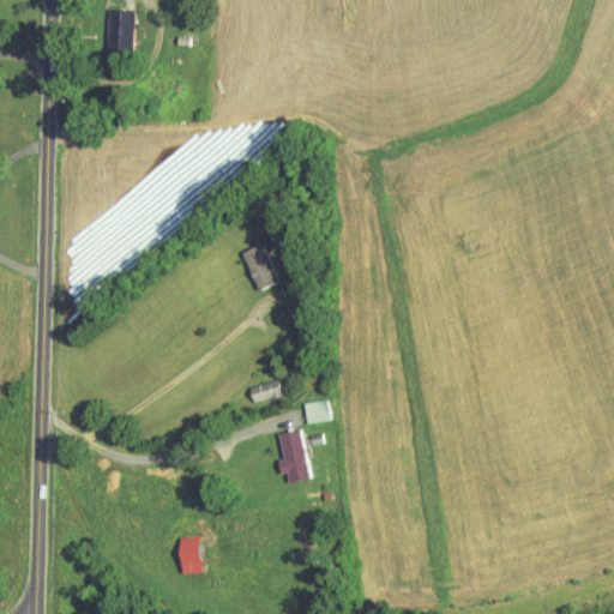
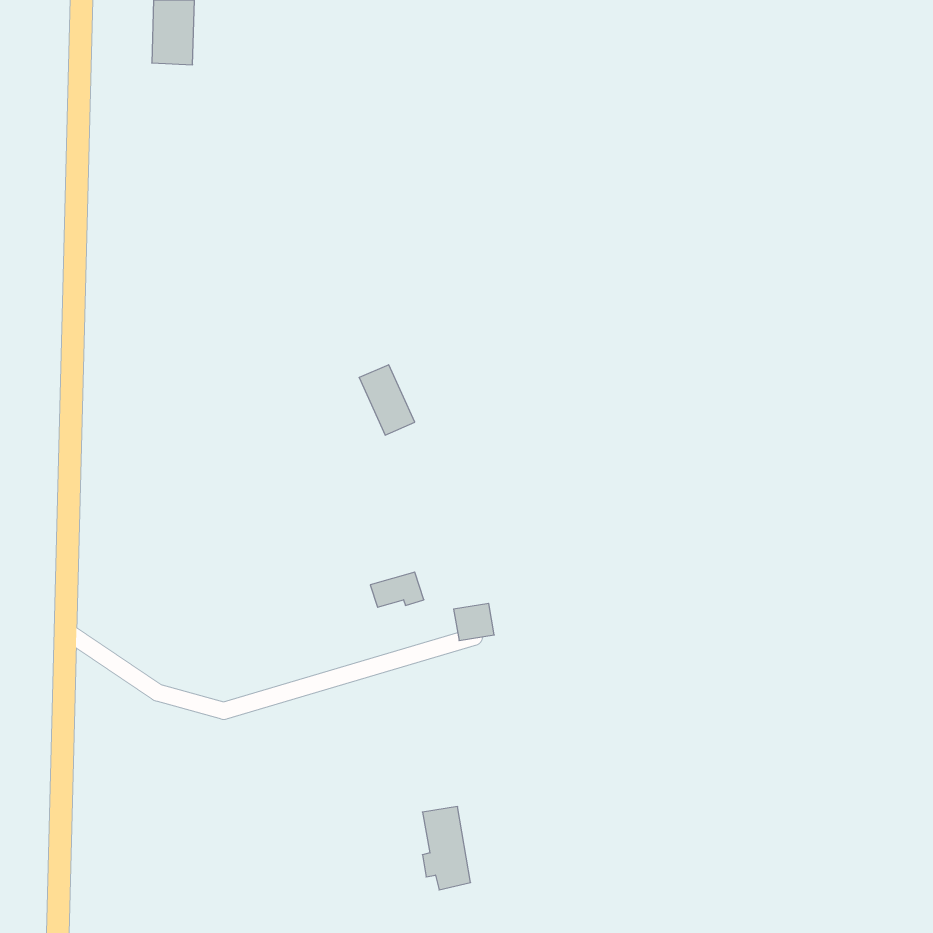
building: [278,429,309,483] -> [422,807,471,890]
building: [179,537,200,573] -> none

